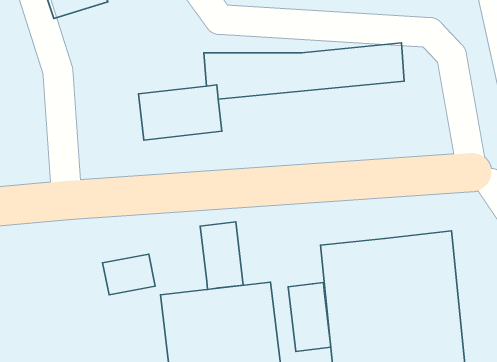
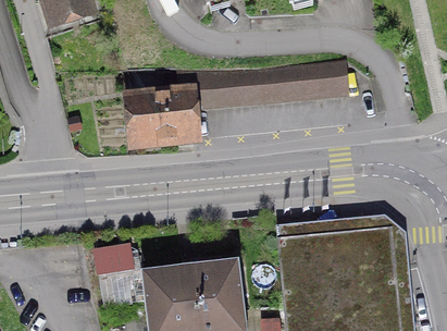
building: [200,222,243,290] -> none
building: [288,282,331,351] -> none

